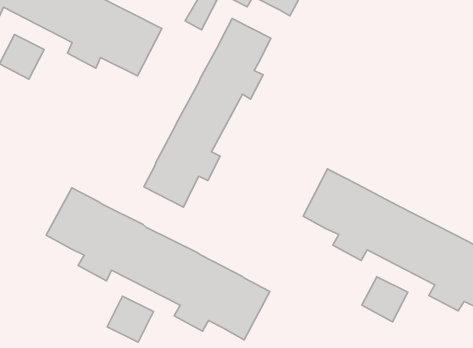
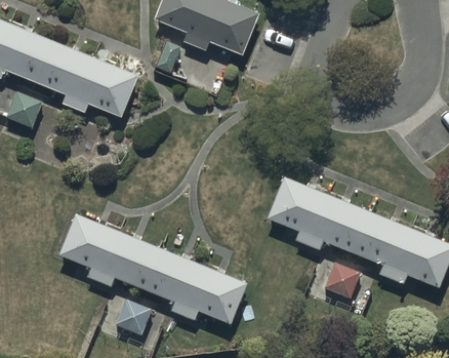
building: [144,19,271,207] -> none

